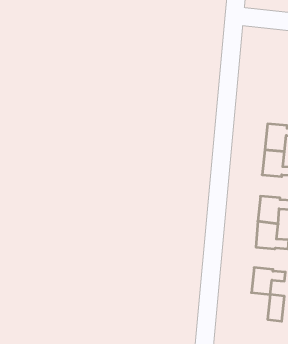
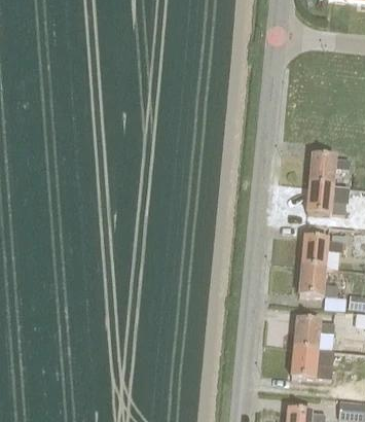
building: none -> [292,348,317,379]

